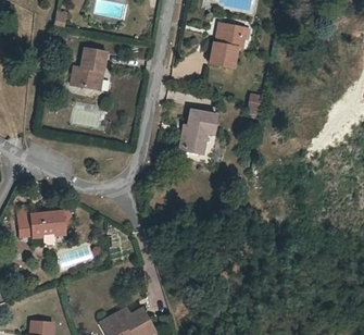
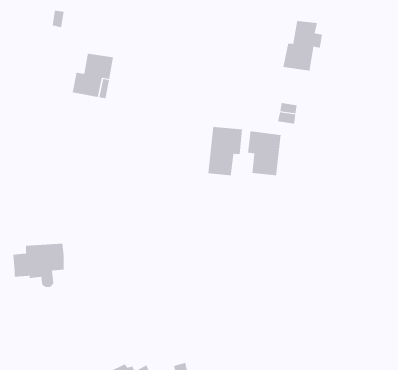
building: [210,24,244,67] -> [282,20,323,71]
building: none -> [248,131,281,176]

